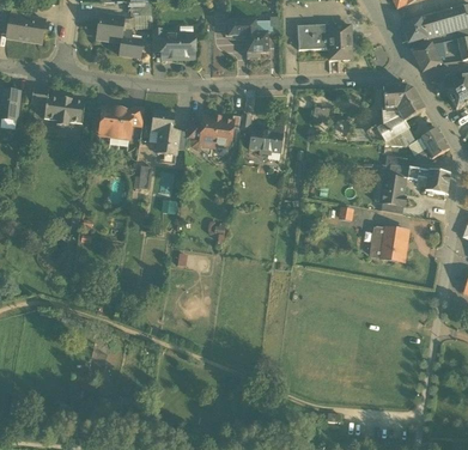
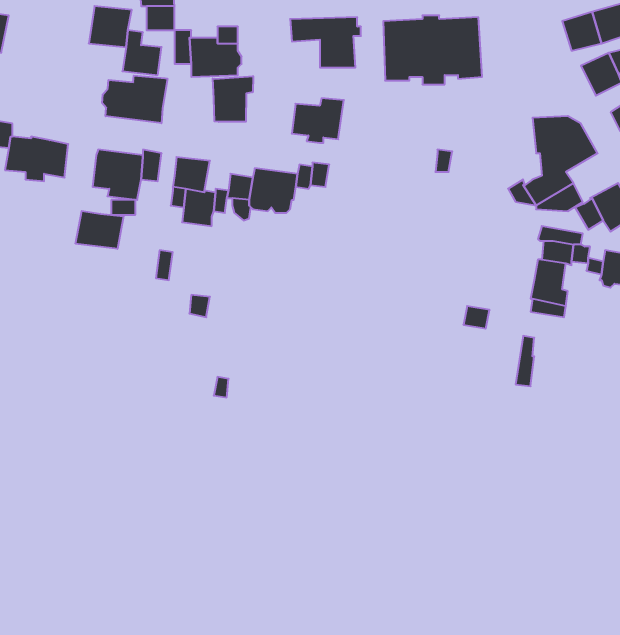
building: none -> [102,76,167,123]
building: none -> [213,76,253,122]
building: [249,127,282,156] -> [292,98,344,143]
building: none -> [76,211,124,249]
building: [381,227,407,261] -> none

